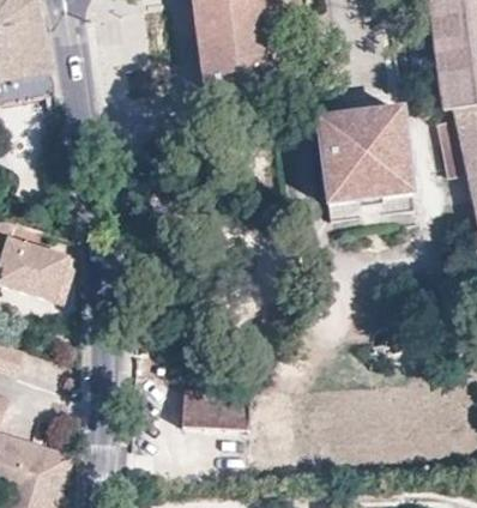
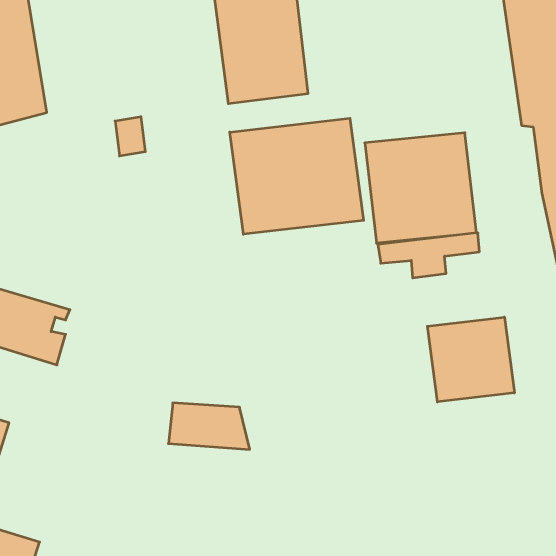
building: none -> [230,118,364,234]
building: none -> [427,317,514,402]
building: [180,389,247,428] -> [168,403,250,449]

